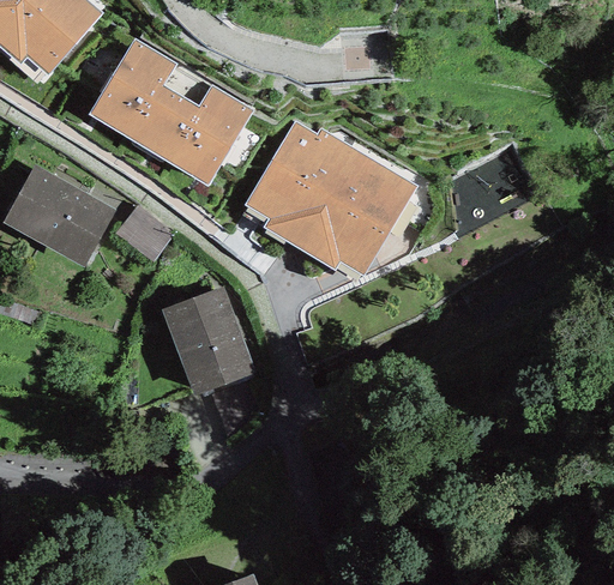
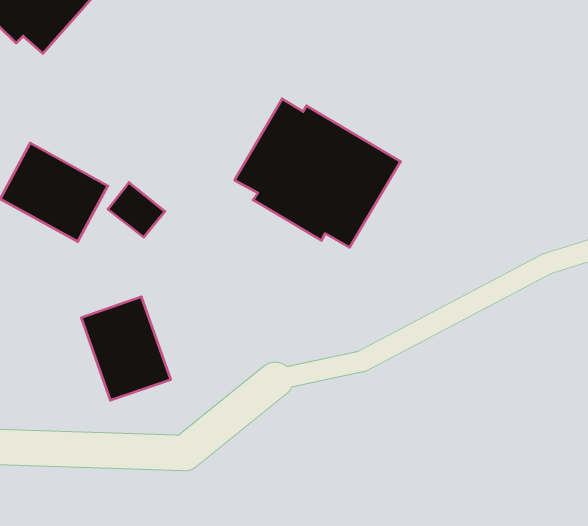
building: [88,38,252,185] -> none
building: [162,287,254,393] -> [81,297,171,400]

